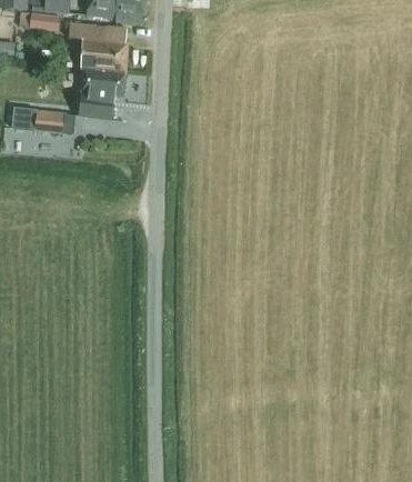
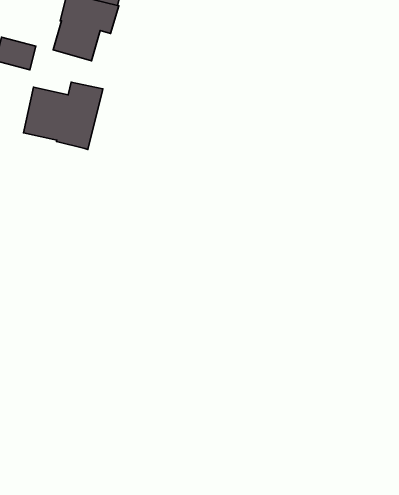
building: none -> [24,82,103,150]

